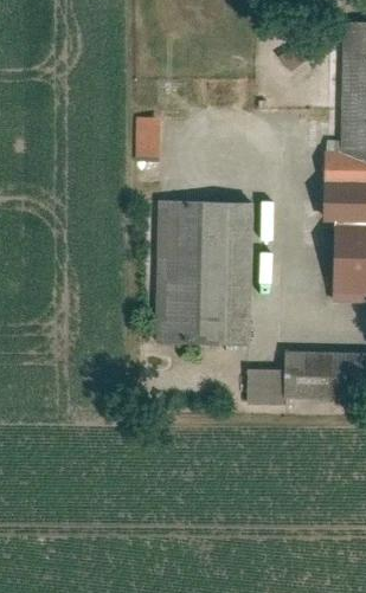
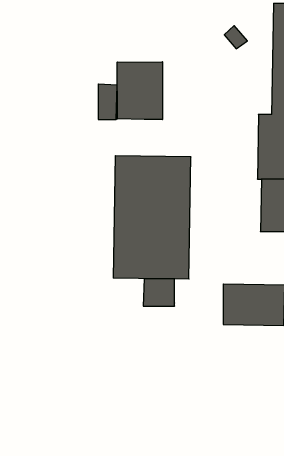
building: none -> [117,62,162,120]
building: [249,370,285,402] -> [143,279,175,306]

